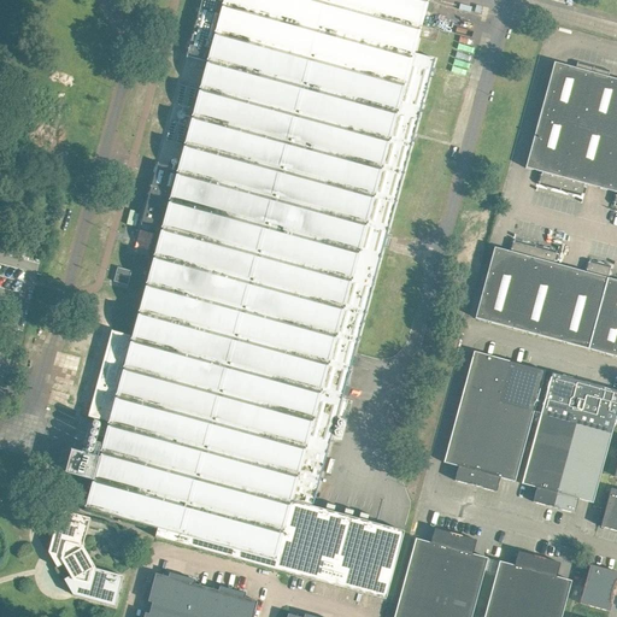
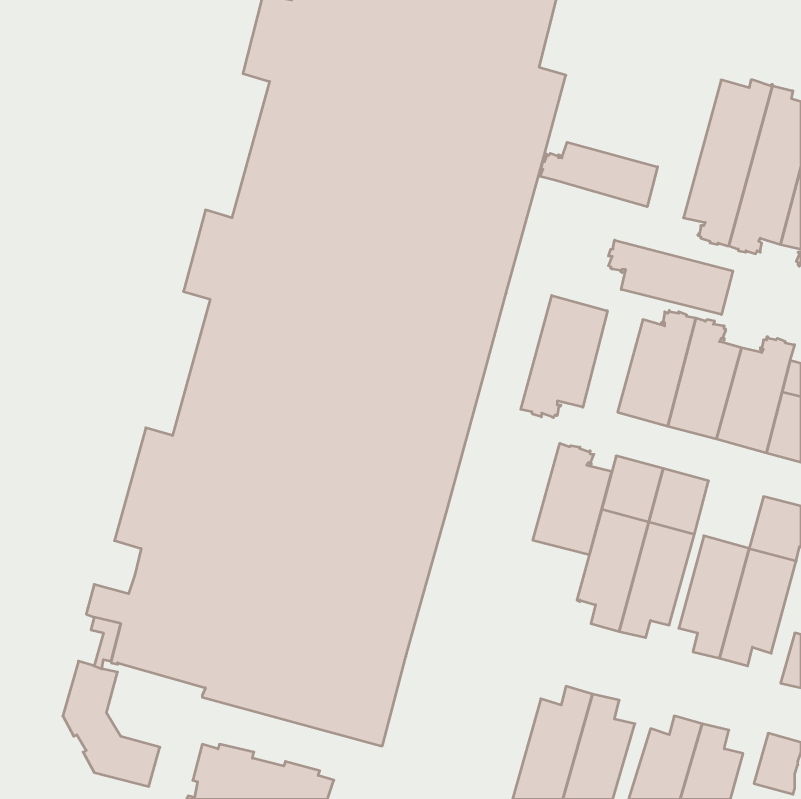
building: none -> [540,142,658,207]
building: none -> [608,240,733,315]
building: none -> [521,295,607,418]
building: none -> [533,443,611,555]
building: [541,372,587,422] -> none
building: [294,505,404,599] -> none

